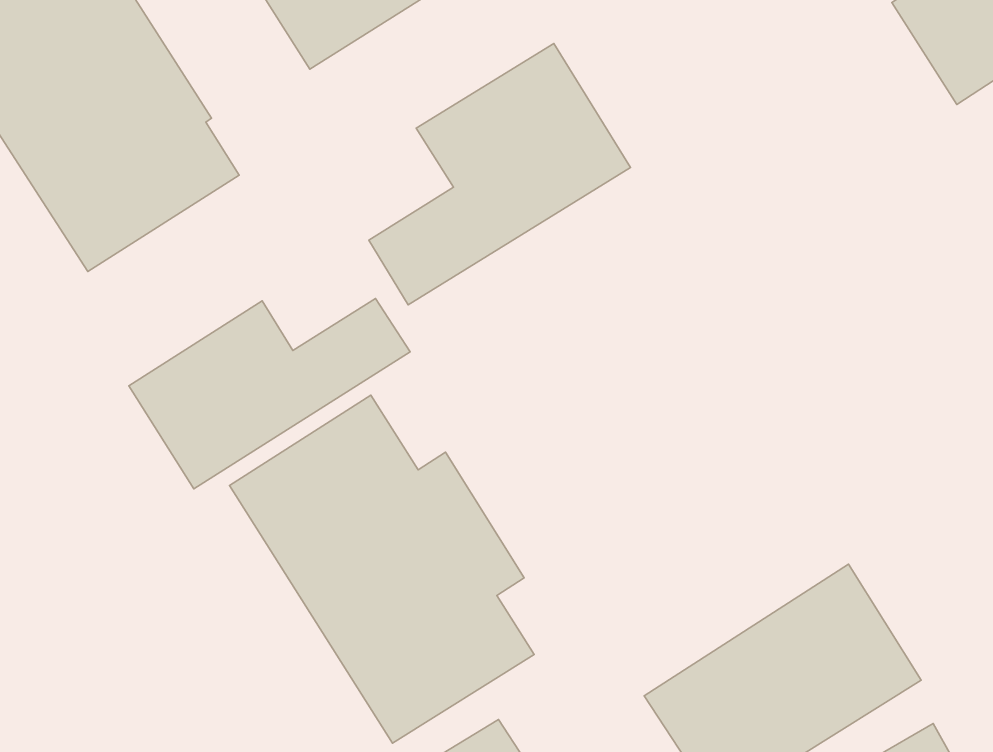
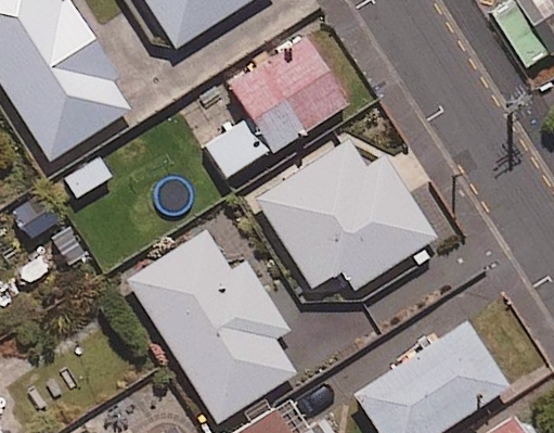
building: none -> [254,137,438,289]
building: [129,299,410,489] -> none

